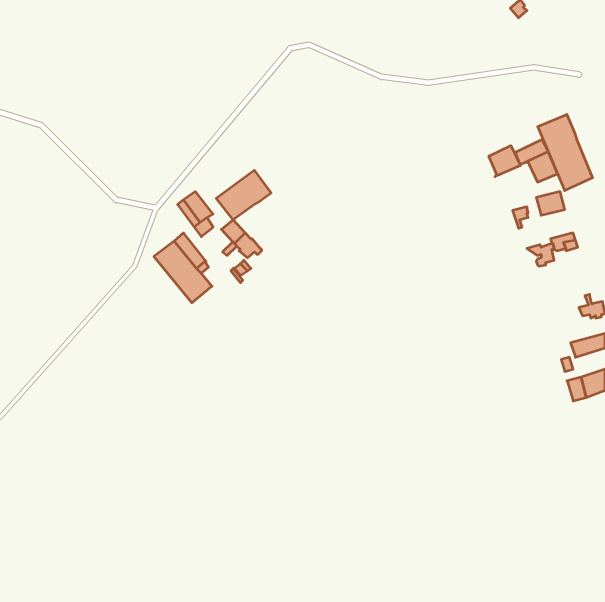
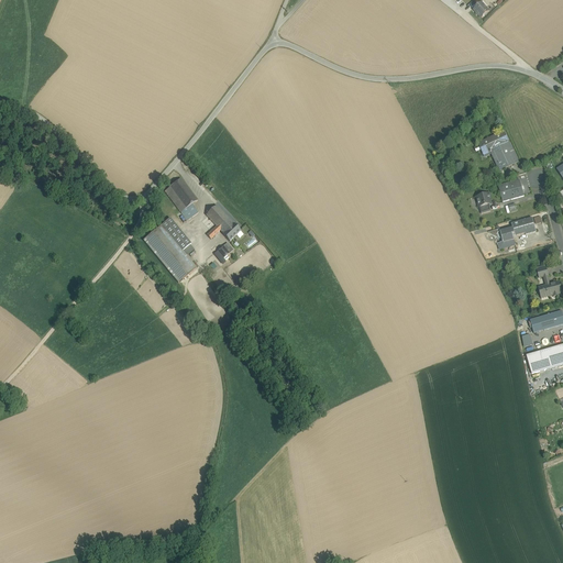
building: [538,114,593,191] -> none
building: [489,146,520,177] -> none
building: [216,170,271,220] -> none

